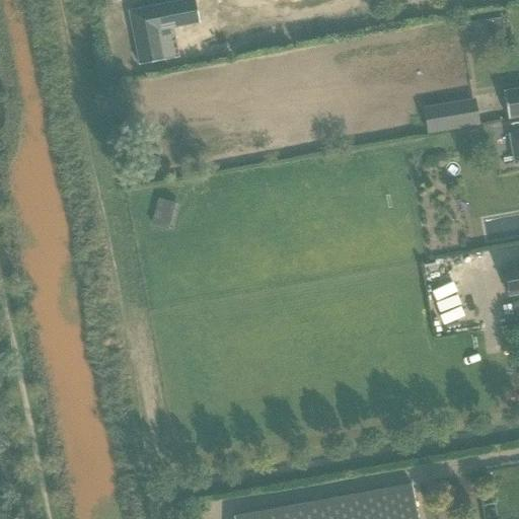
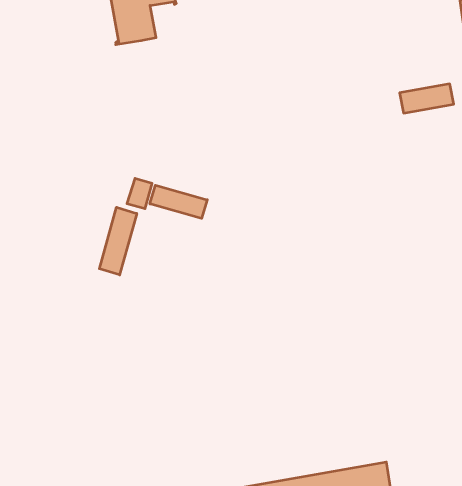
building: none -> [150,185,207,218]
building: none -> [99,207,137,275]

